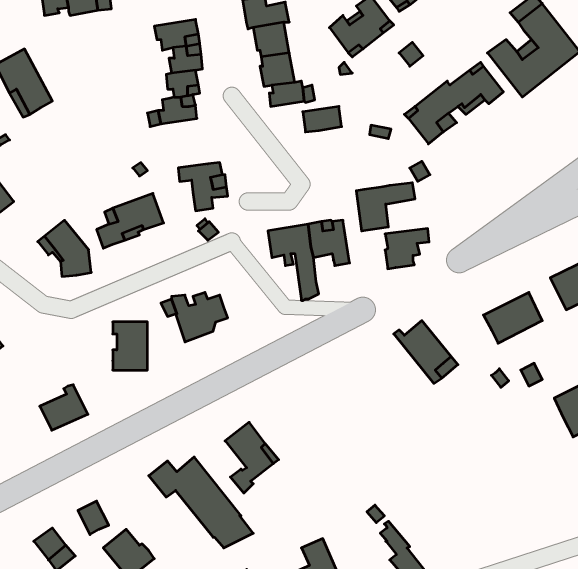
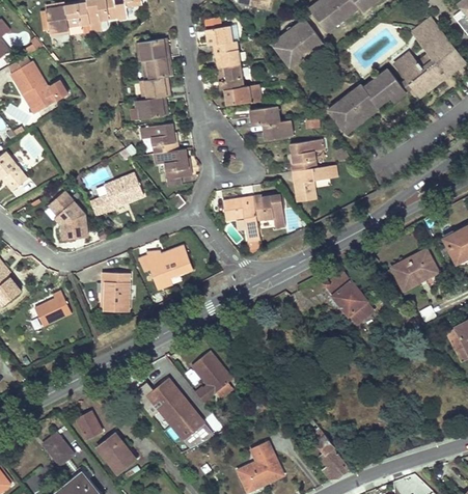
building: none -> [263,118,293,139]
building: none -> [140,122,176,153]
building: [385,229,429,269] -> [290,139,324,170]
building: [40,385,88,430] -> [33,291,71,326]

